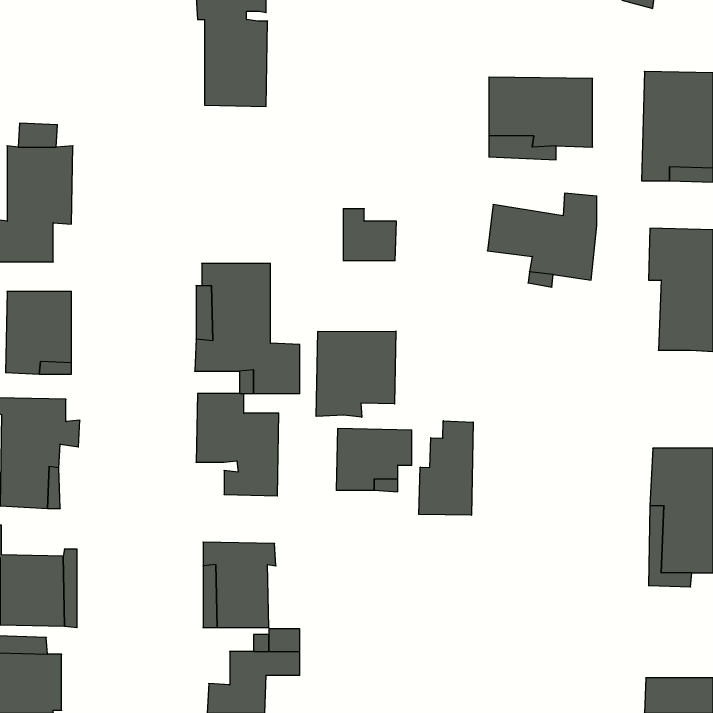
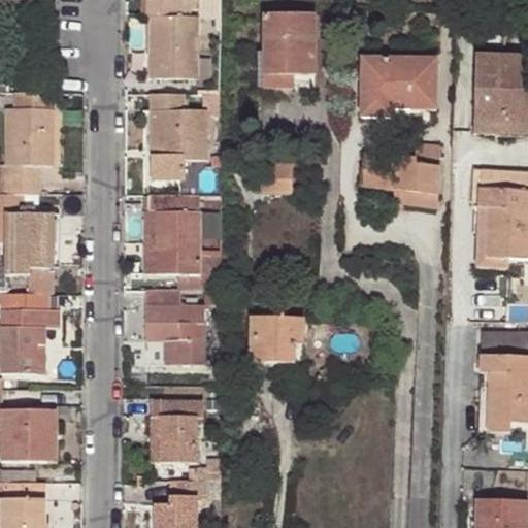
building: none -> [262,13,315,88]
building: none -> [148,93,207,178]
building: none -> [475,206,508,269]
building: [316,331,396,417] -> none
building: [419,421,473,515] -> none

